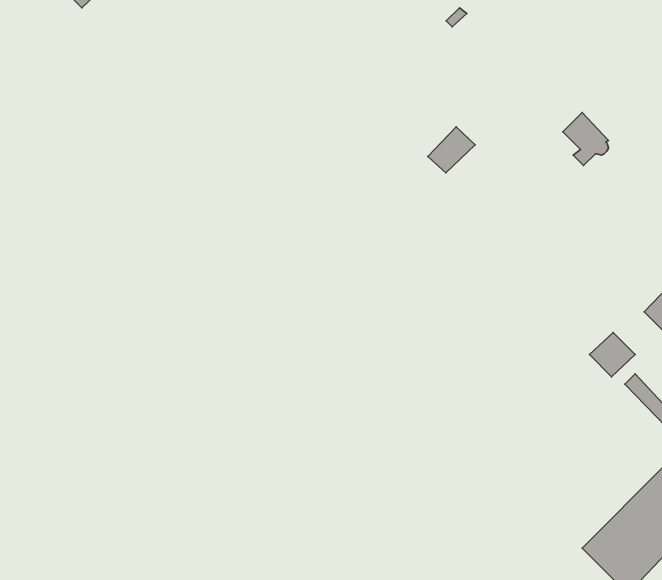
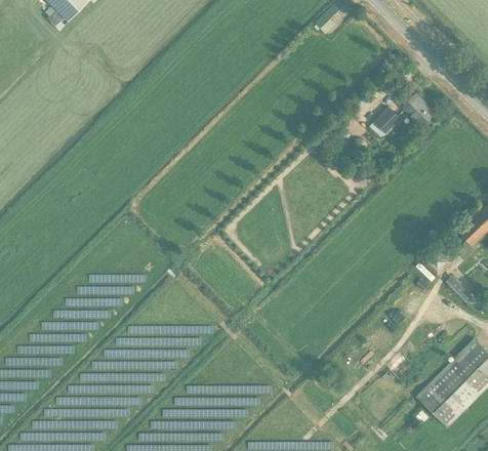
building: [428,127,475,173] -> [368,106,401,137]

